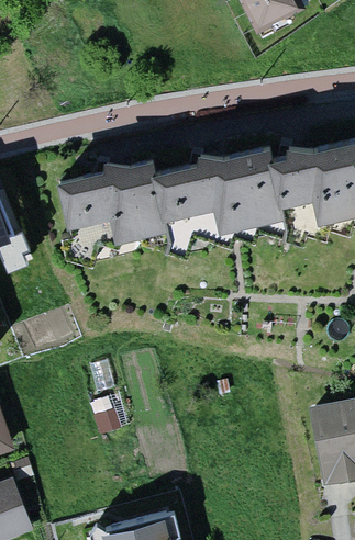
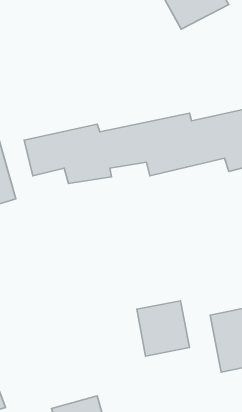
building: none -> [137,301,189,356]

